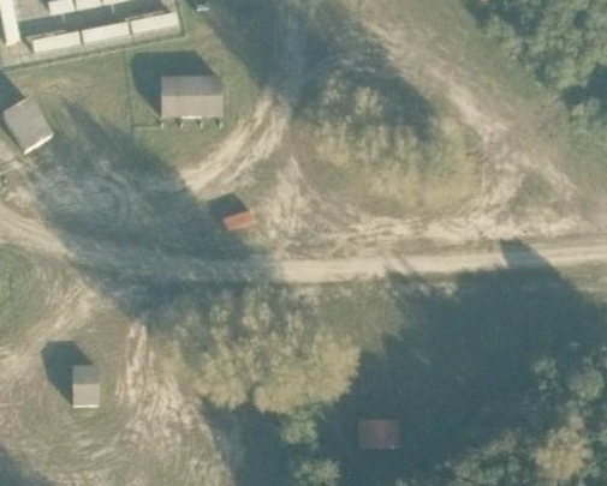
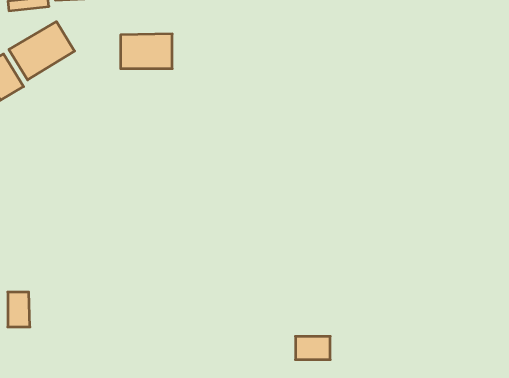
building: none -> [9,22,75,80]
building: [72,365,97,404] -> [8,292,30,327]

